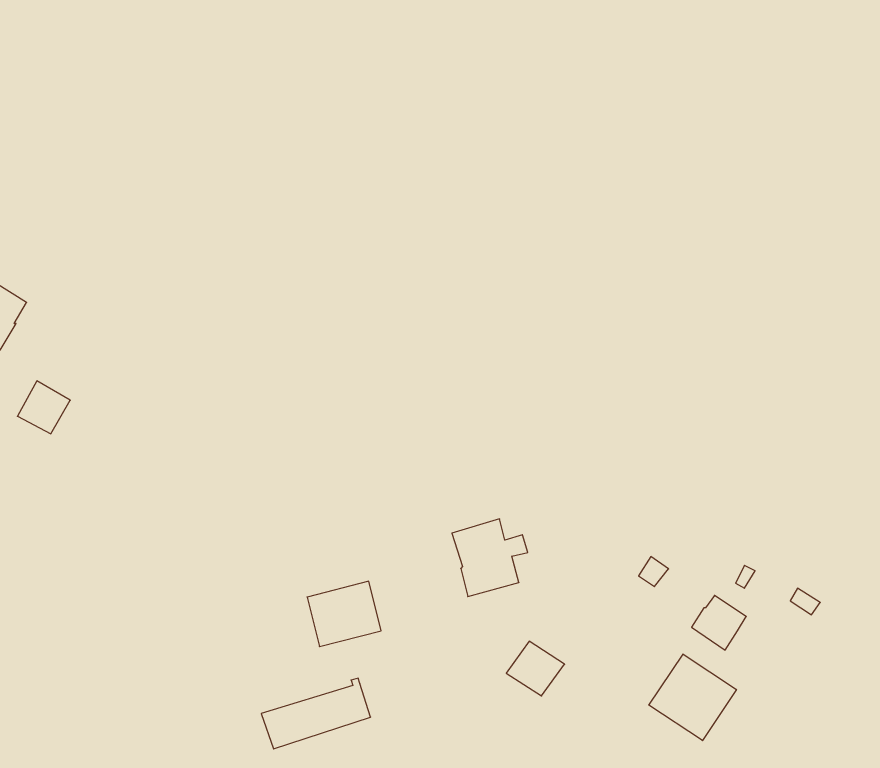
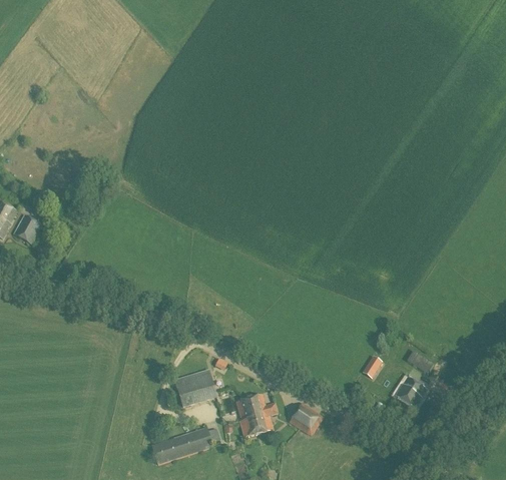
building: [17,381,70,434] -> [11,213,41,244]
building: [452,519,528,597] -> [233,393,277,437]
building: [649,654,736,741] -> none

